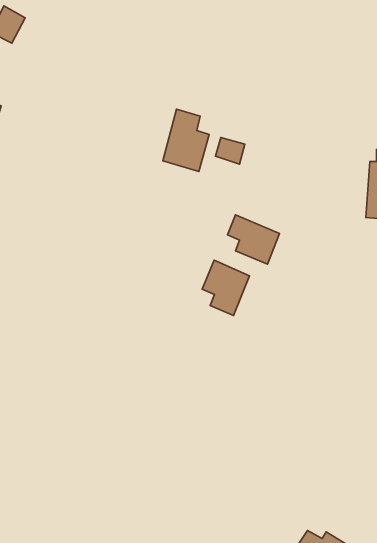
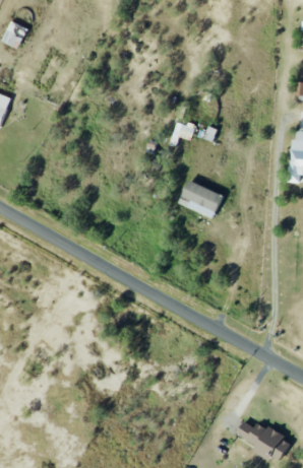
building: [163,109,209,172] -> none
building: [202,260,250,316] -> none

